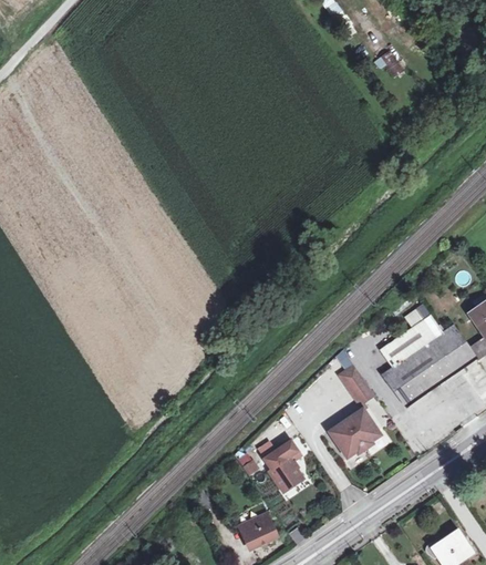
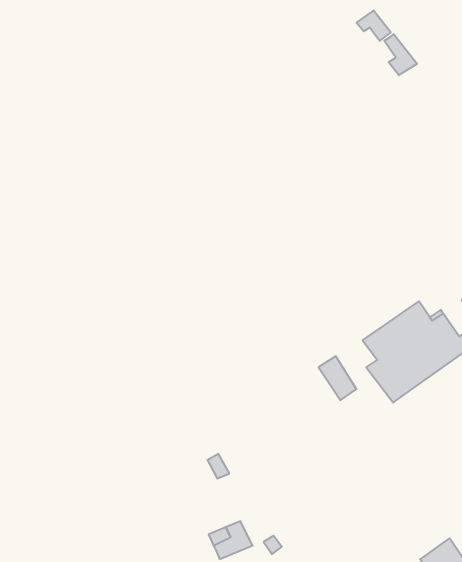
building: none -> [384,34,417,75]
building: [328,409,380,458] -> none
building: [265,440,301,489] -> none

